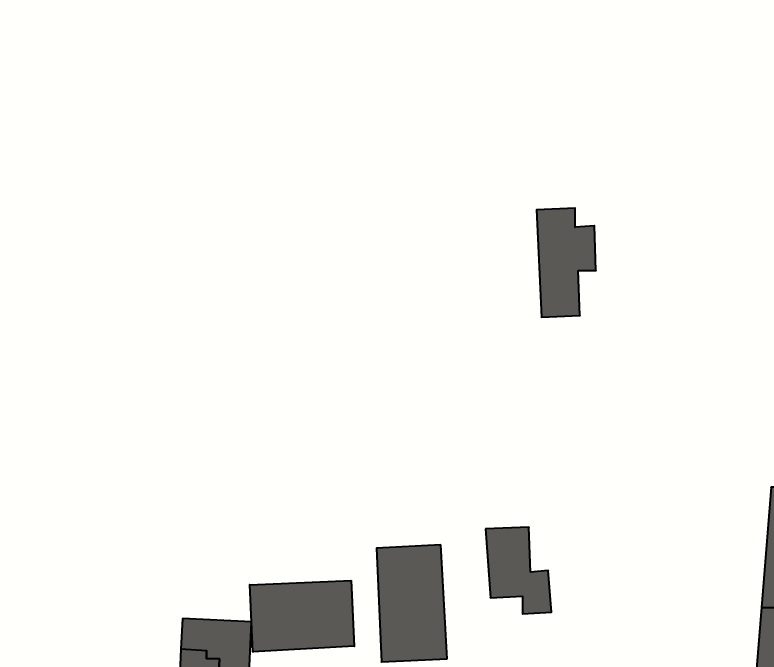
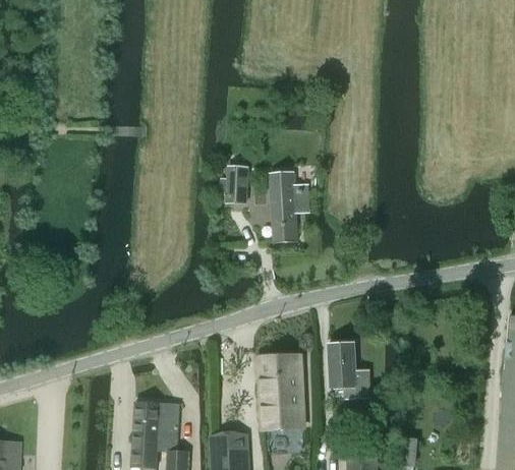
building: [537,208,596,317] -> [270,173,307,242]
building: none -> [220,167,247,202]
building: [250,581,354,652] -> none

